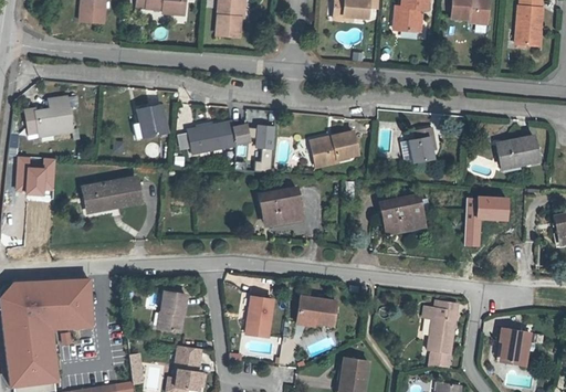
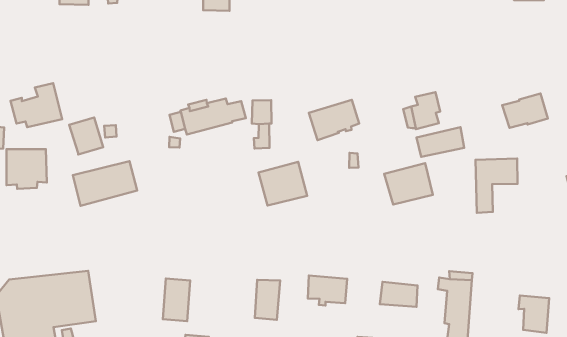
building: [137,104,168,138] -> [69,118,103,154]
building: none -> [416,127,464,157]
building: none -> [380,282,418,307]

